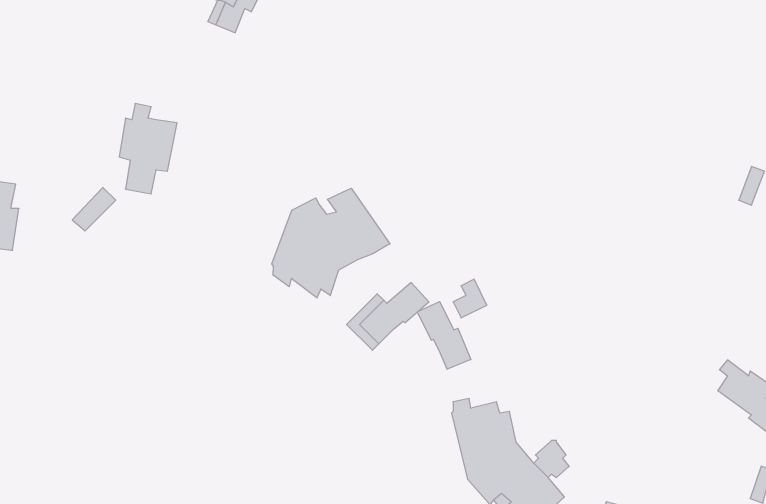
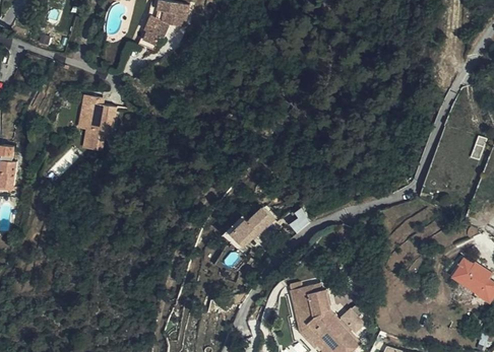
building: [272,188,390,298] -> none
building: [417,302,471,369] -> none

